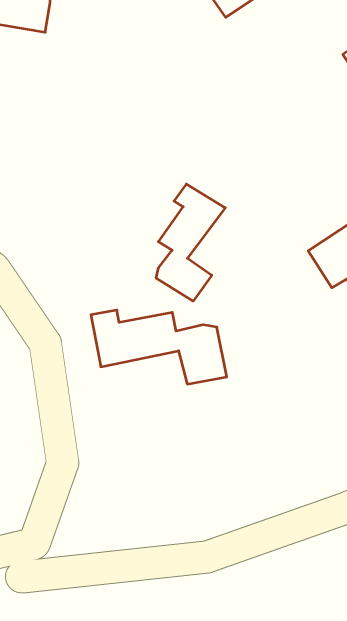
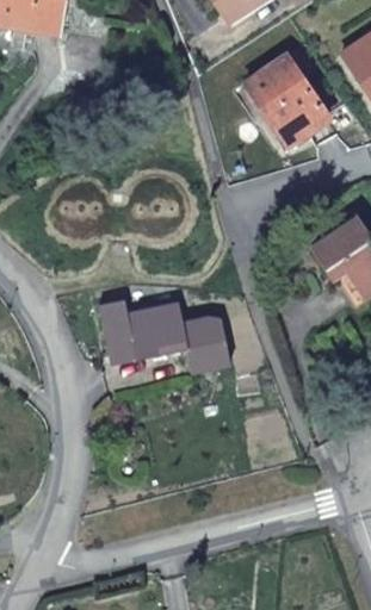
building: none -> [246,56,329,144]
building: [156,184,225,301] -> none

